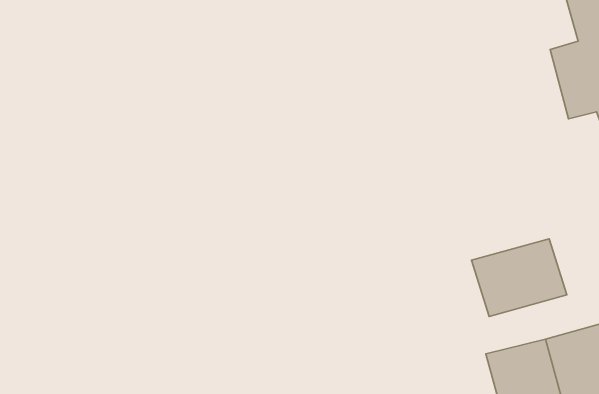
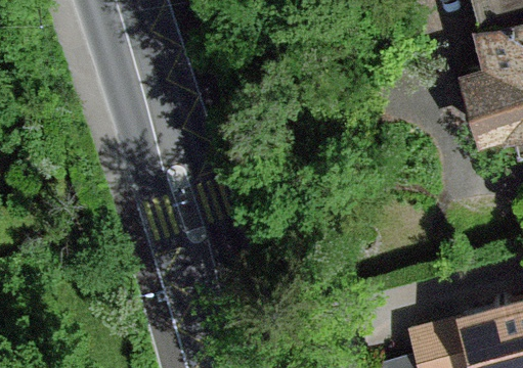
building: [472,239,567,316] -> none

